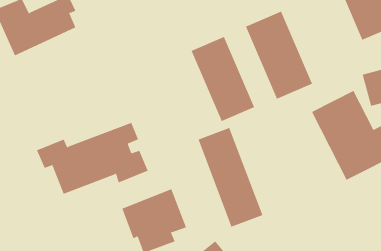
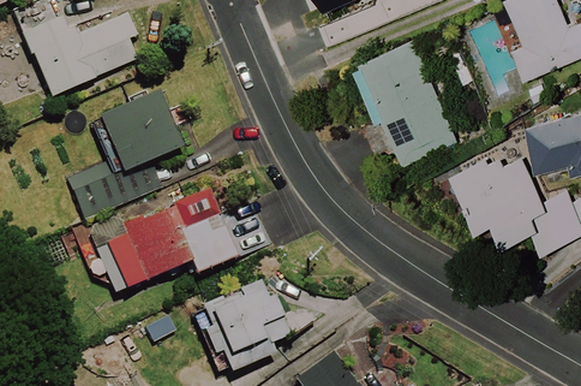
building: [191,36,255,122] -> none
building: none -> [61,100,174,219]
building: [198,127,263,228] -> none

